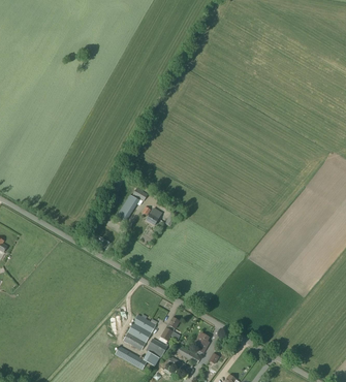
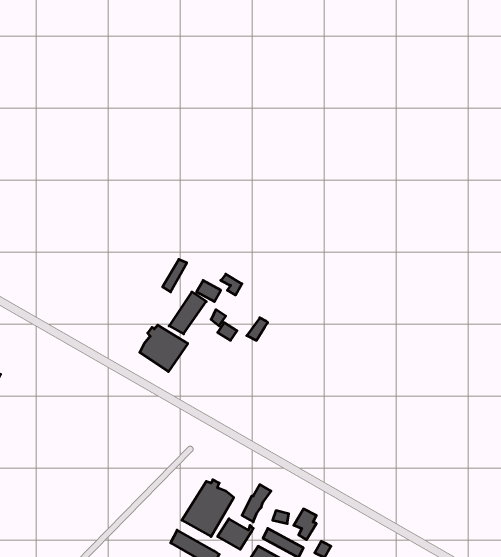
building: none -> [140,325,188,372]

